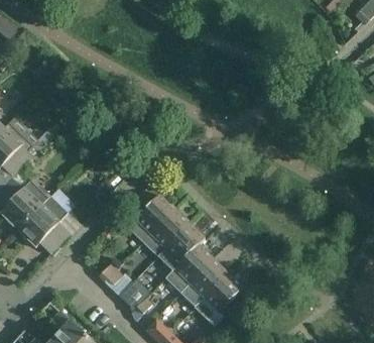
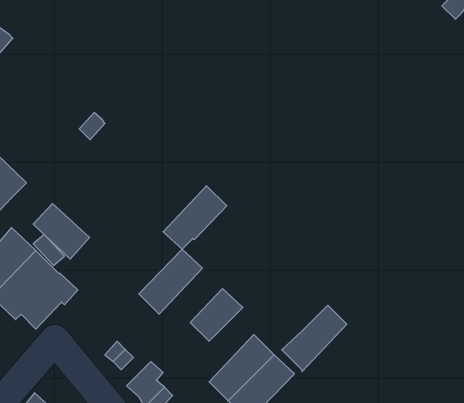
building: none -> [33,204,90,259]
building: [142,209,190,256] -> [163,186,227,249]
building: [164,244,213,294] -> [282,305,347,372]

